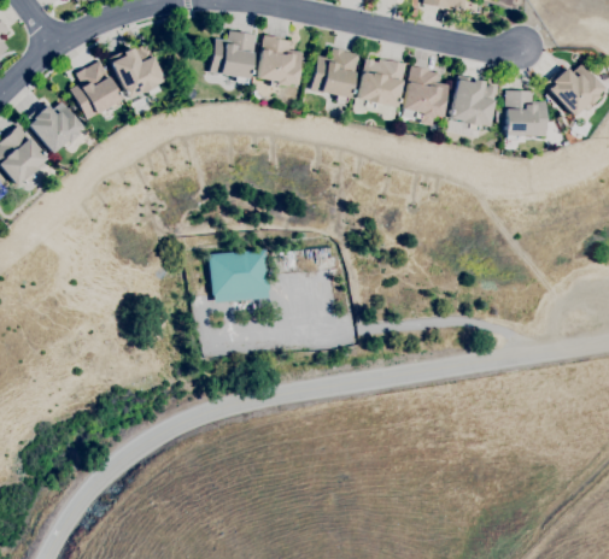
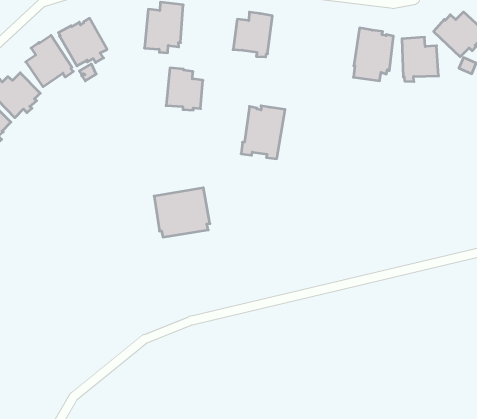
building: [258,35,303,86] -> [166,68,203,110]
building: [353,58,408,120] -> [241,106,285,159]
building: [404,66,450,125] -> none

